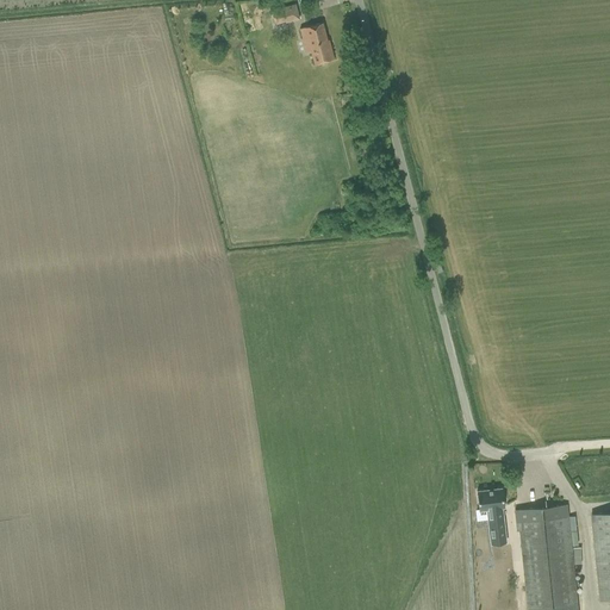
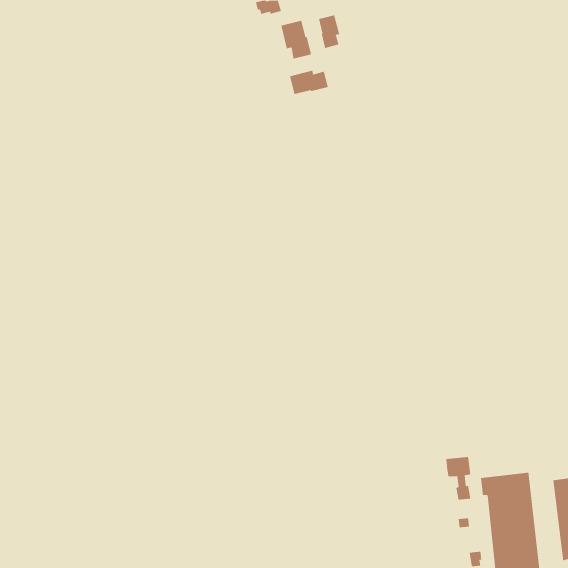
building: none -> [318,15,340,49]
building: none -> [290,70,328,95]

